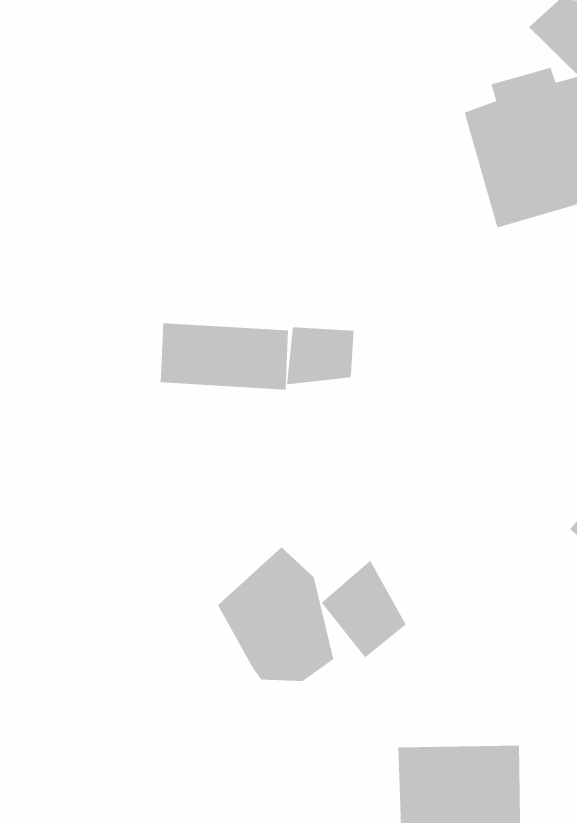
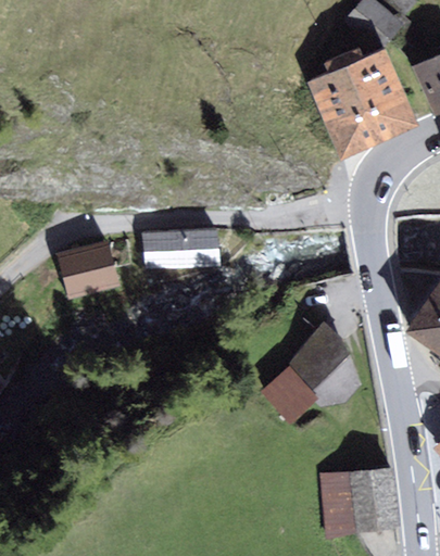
building: [287,327,354,385] -> none
building: none -> [55,244,115,299]
building: [217,546,334,682] -> [287,323,363,406]

